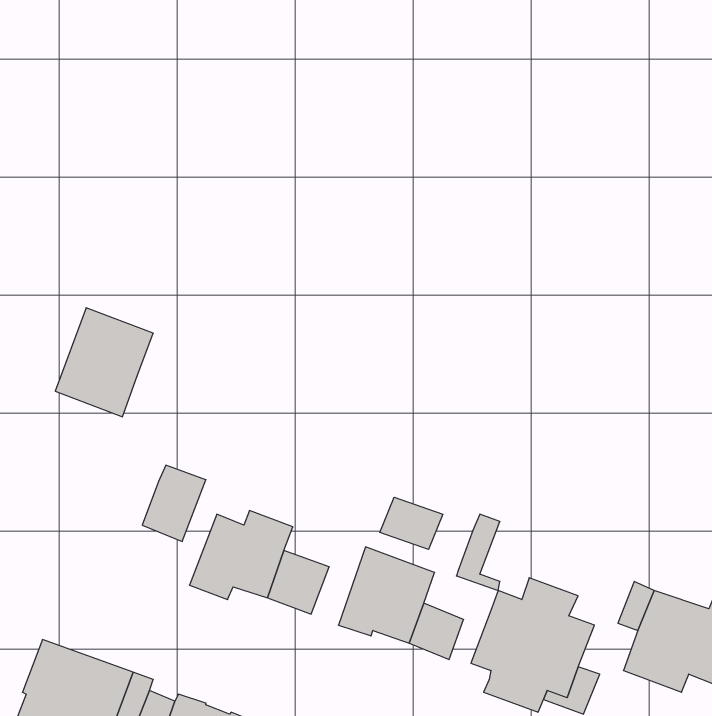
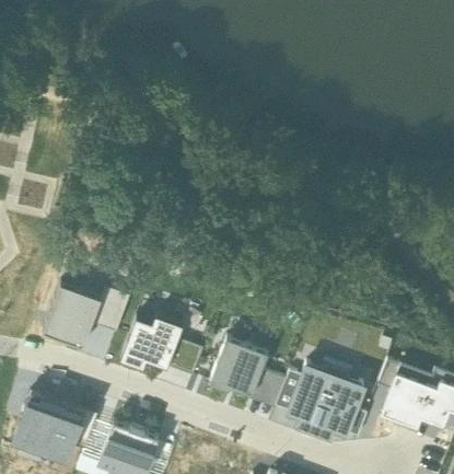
building: [55,308,153,417] -> [42,282,101,348]
building: [380,497,443,549] -> none
building: [456,514,500,591] -> [275,371,301,417]

